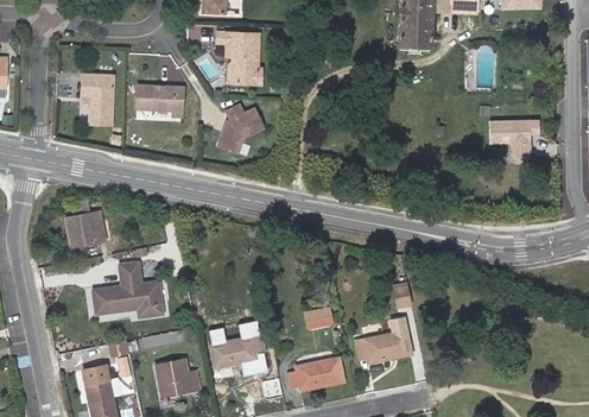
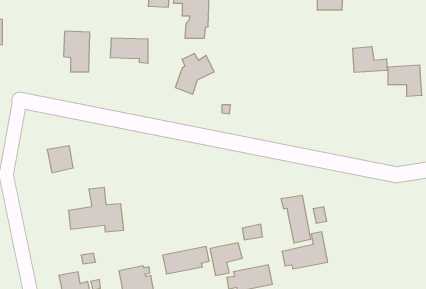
building: none -> [353,46,387,72]
building: none -> [281,195,311,243]
building: none -> [210,243,242,276]

